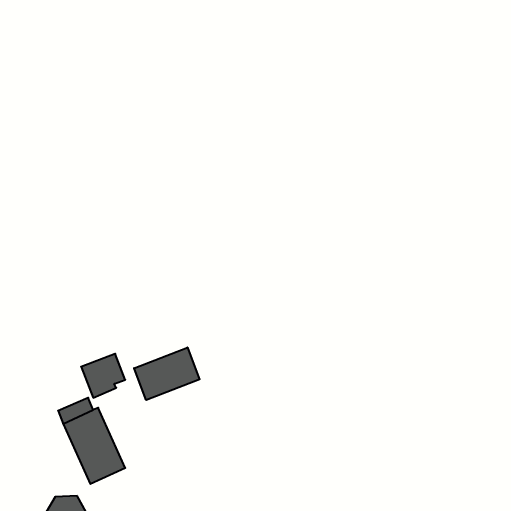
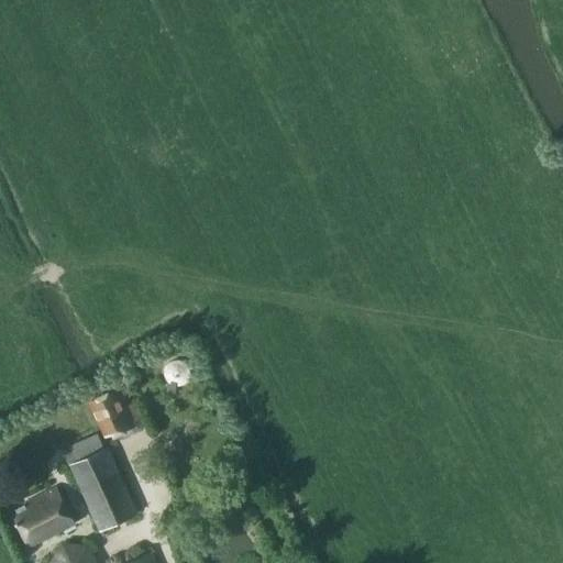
building: [134,347,200,400] -> none
building: none -> [10,489,73,545]

